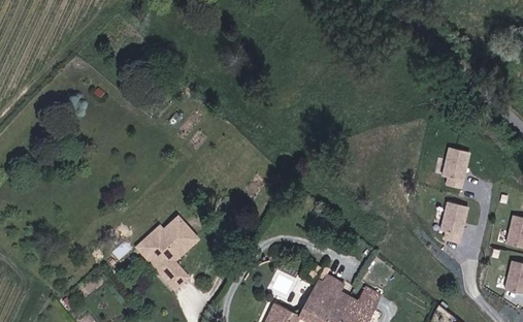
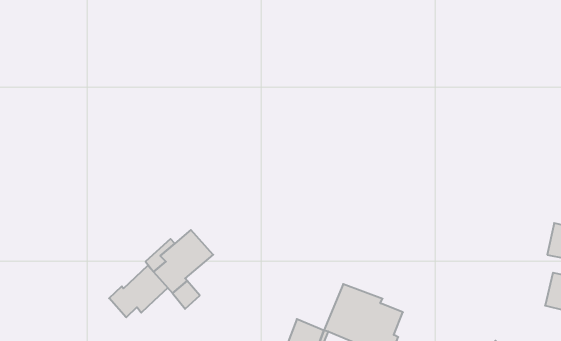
building: [440,147,470,188] -> none
building: [437,201,468,242] -> none
building: none -> [109,265,168,317]

